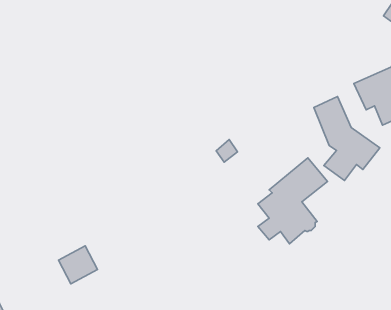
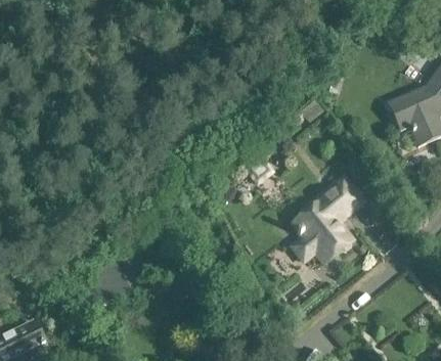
building: [314,96,380,181] -> none

